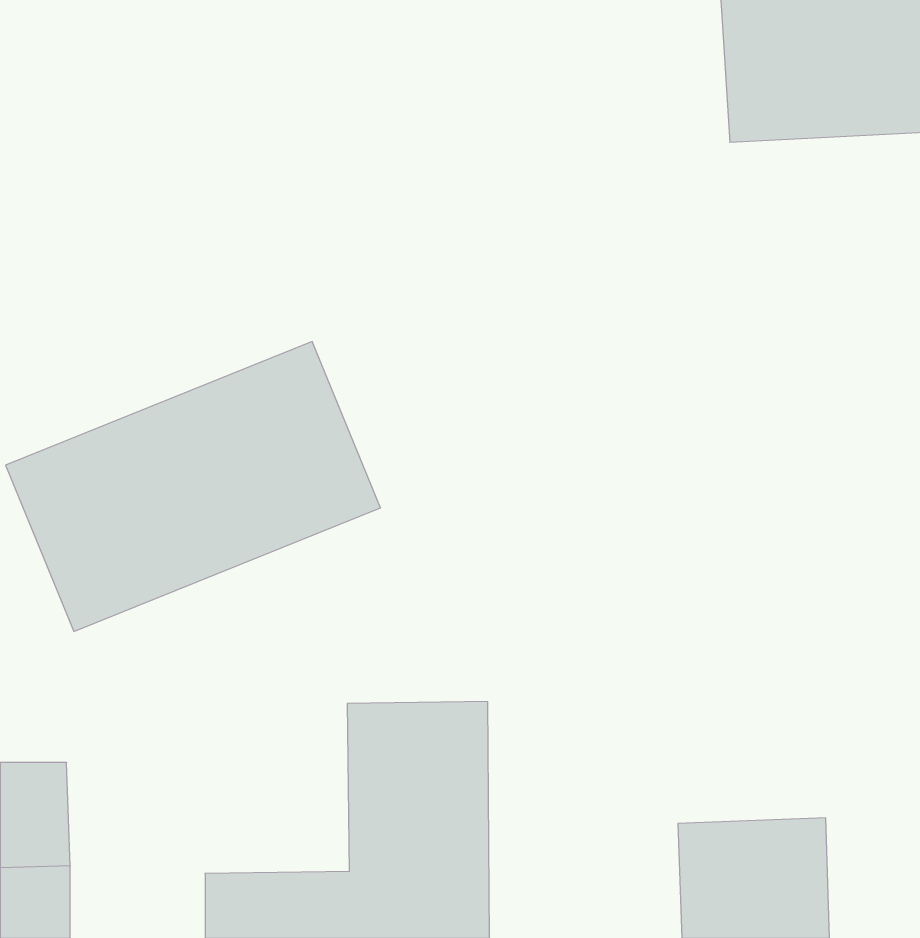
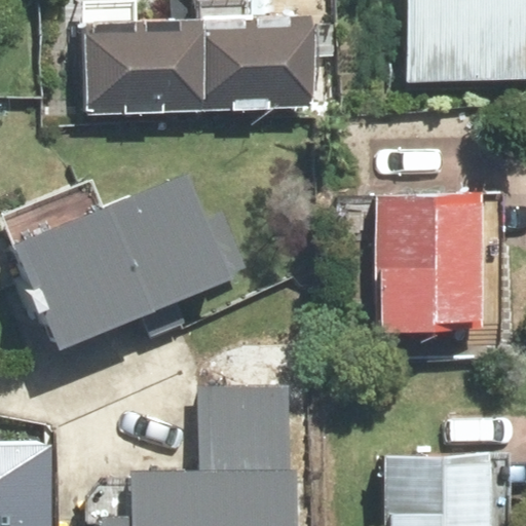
building: none -> [85,31,307,110]
building: none -> [380,199,468,331]

